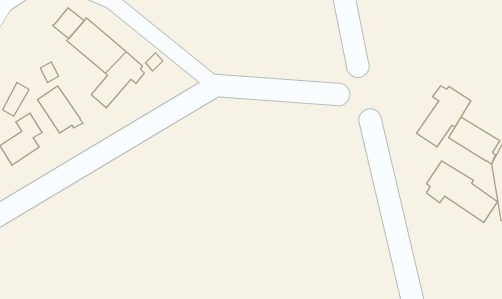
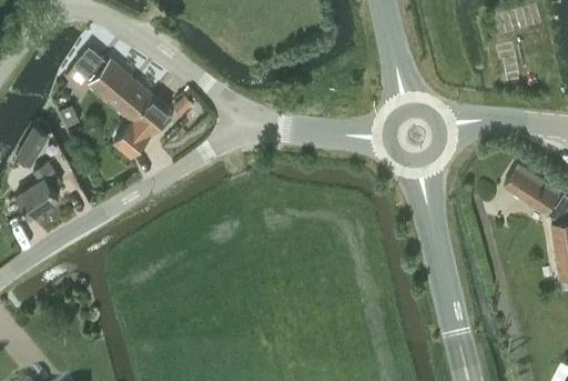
building: [417,86,471,147] -> none
building: [37,86,83,133] -> none
building: [426,161,498,223] -> none

